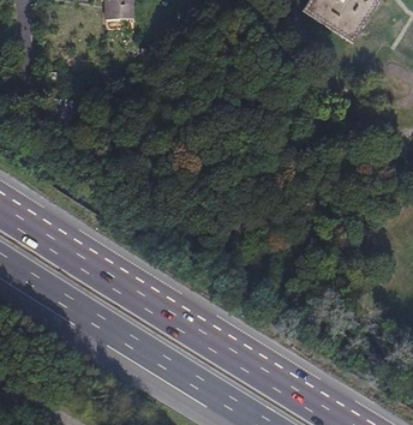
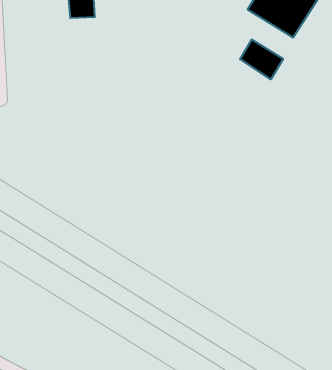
building: none -> [240,39,283,79]

